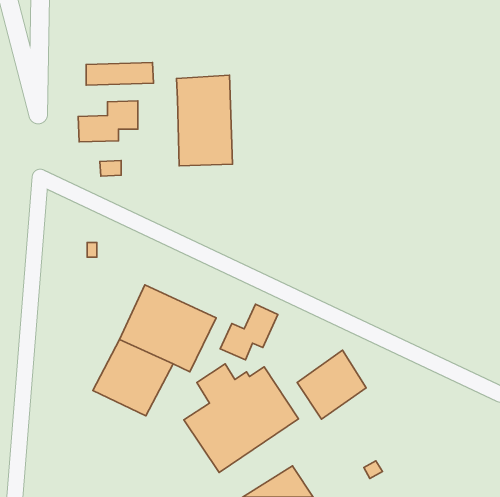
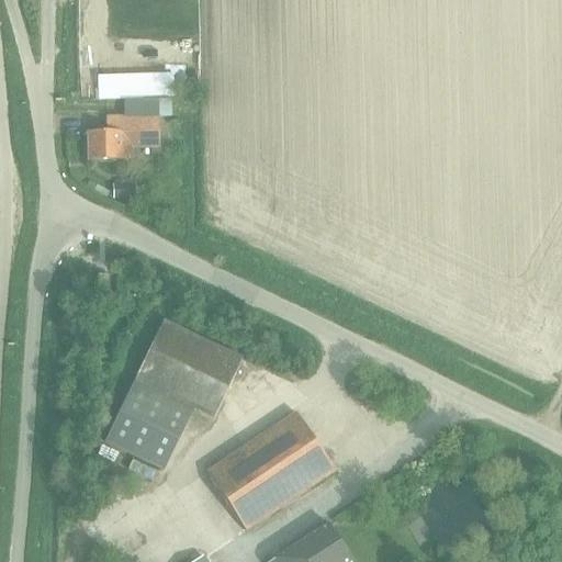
building: [177,75,233,166] -> none
building: [220,304,278,360] -> none
building: [297,350,366,419] -> none

